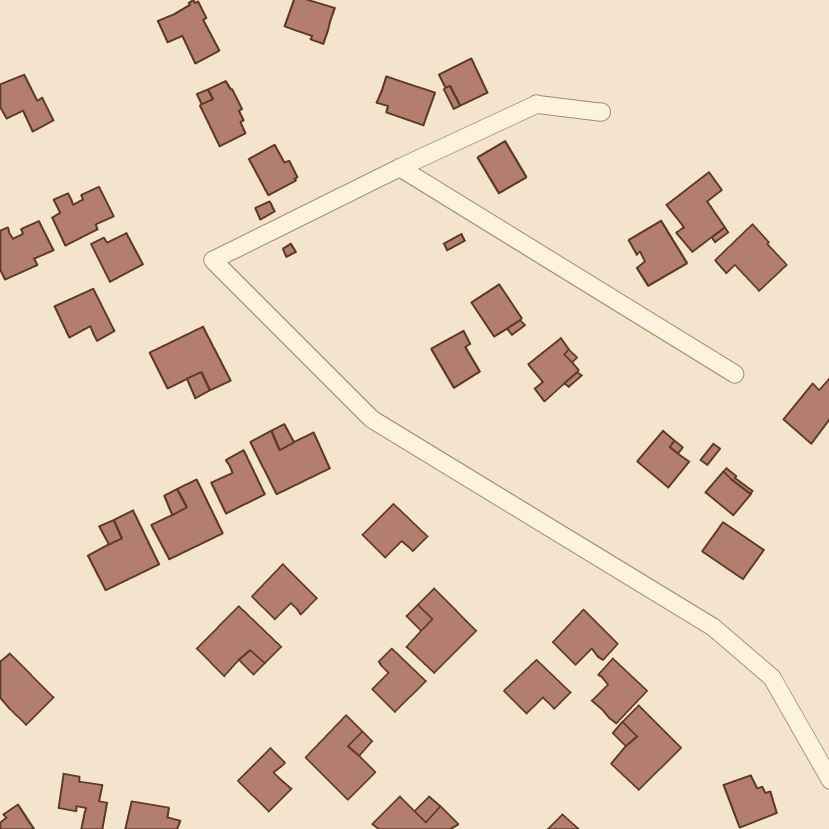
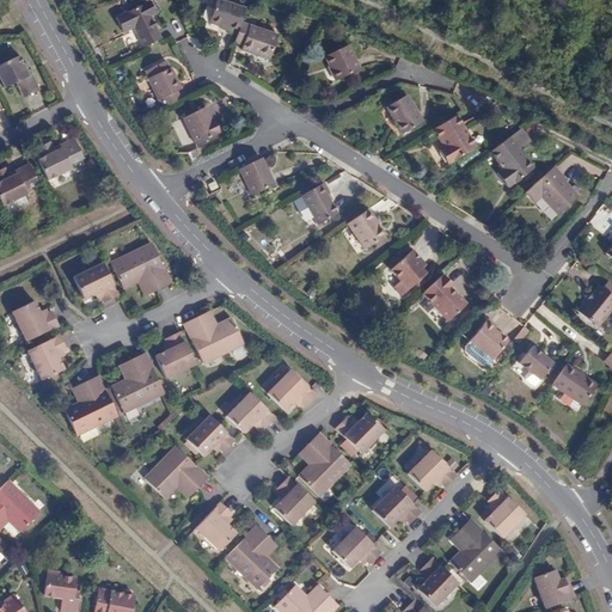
building: [376,76,435,125] -> [235,22,279,57]
building: [478,141,526,193] -> [387,93,423,131]
building: none -> [239,157,275,195]
building: [629,221,687,286] -> [435,114,478,161]
building: [91,233,143,282] -> none
building: [54,289,115,341] -> [74,262,118,300]
building: [431,331,480,388] -> [301,182,337,224]
building: none -> [423,274,466,320]
building: none -> [12,300,57,341]
building: none -> [27,335,66,379]
building: [702,522,764,579] -> [552,362,598,404]
building: none -> [227,392,276,433]
building: none -> [337,412,385,452]
building: [592,658,647,723] -> [484,489,525,537]
building: none -> [332,526,380,567]
building: [238,748,292,812] -> [196,503,235,550]
building: none -> [418,557,458,605]

